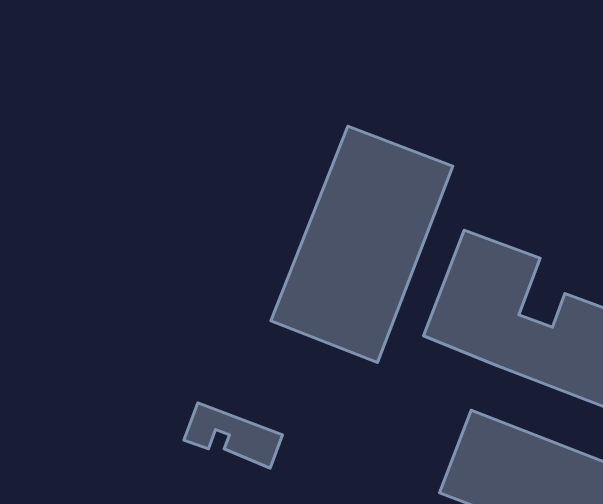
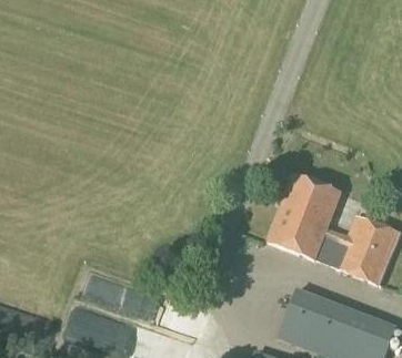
building: [271,126,453,362] -> none

